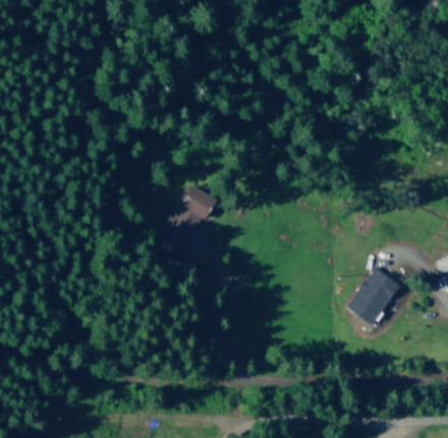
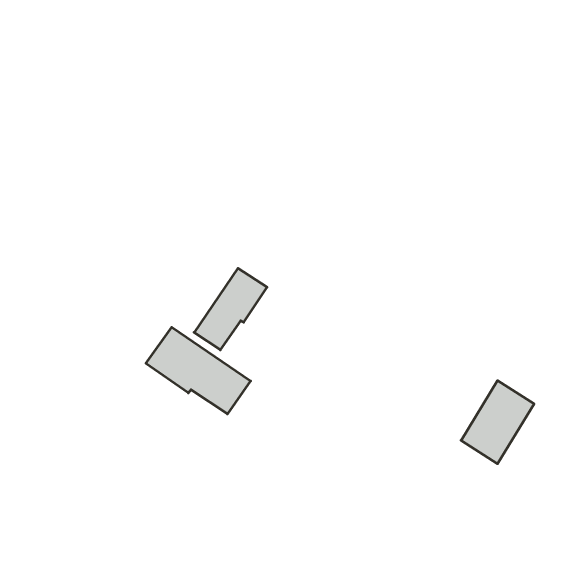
building: none -> [146,327,251,414]

